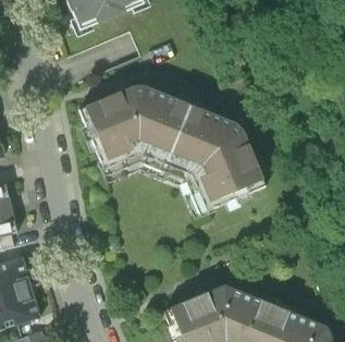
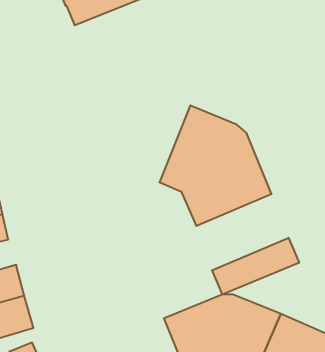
building: [77,85,188,182] -> none
building: none -> [212,238,299,294]

